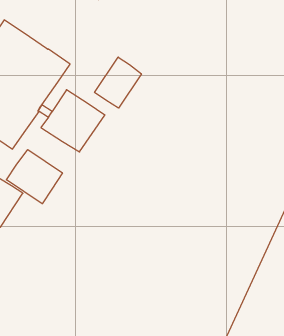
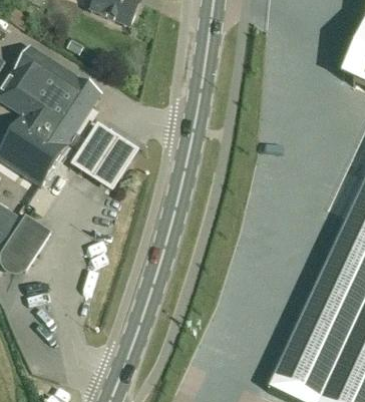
building: [95,57,141,108] -> none
building: [6,150,62,204] -> none

